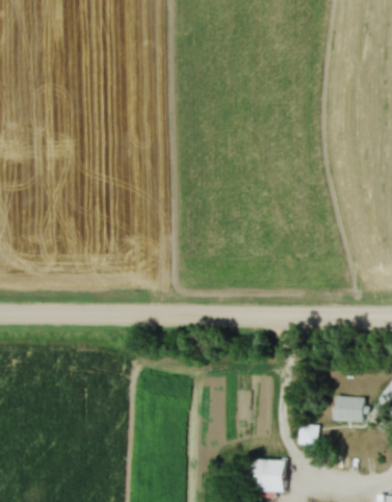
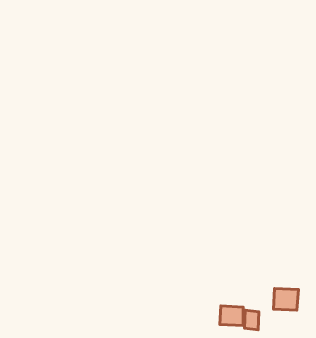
building: none -> [220,306,243,326]

